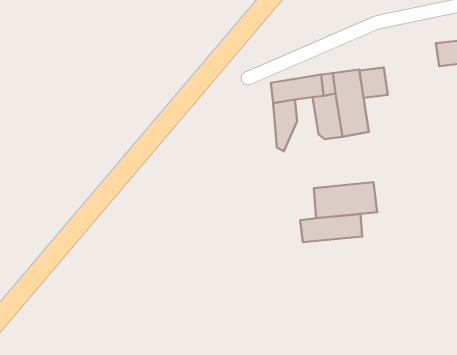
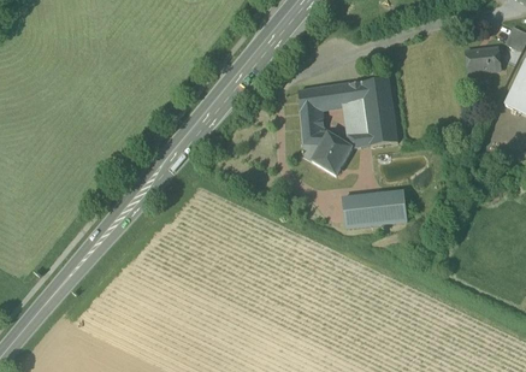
building: [359,67,388,98] -> none
building: none -> [313,129,354,175]
building: [300,214,362,242] -> none

